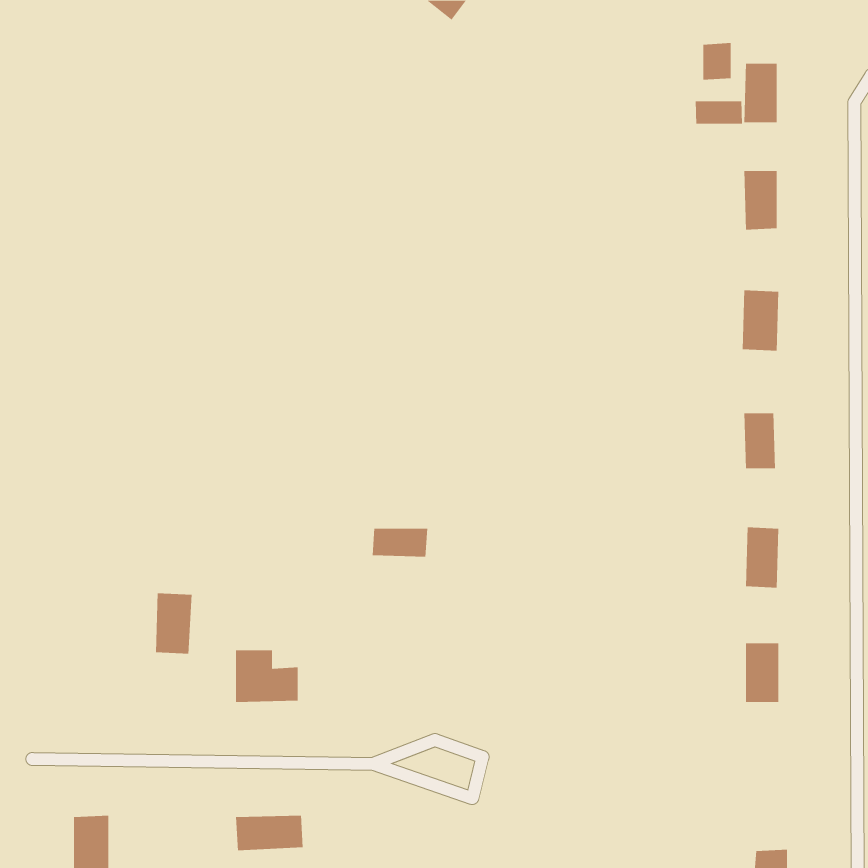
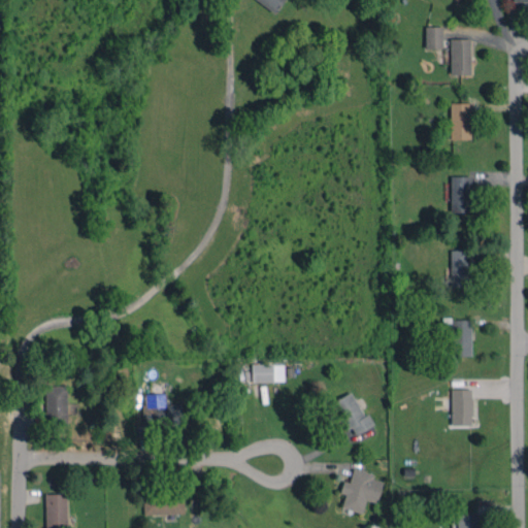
building: [695,100,742,125] -> none
building: [372,528,428,557] -> [253,366,287,384]
building: [155,593,193,654] -> [46,387,69,424]
building: none -> [334,393,376,438]
building: none -> [341,470,385,515]

